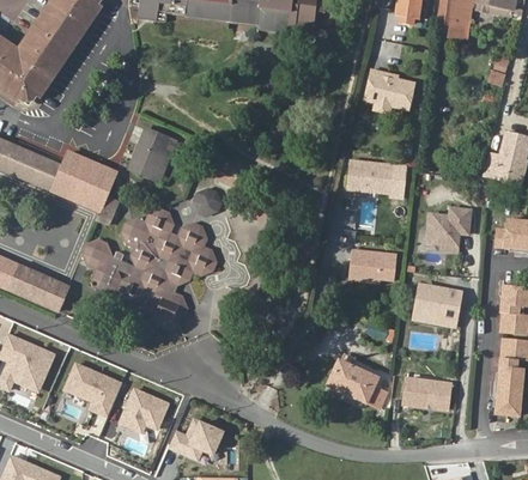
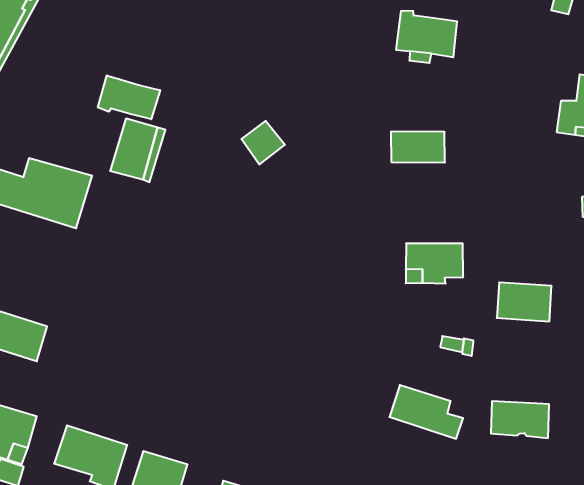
building: none -> [98,75,160,119]
building: [193,183,226,217] -> [241,121,285,165]
building: [81,207,217,329] -> none
building: [430,208,474,250] -> none

